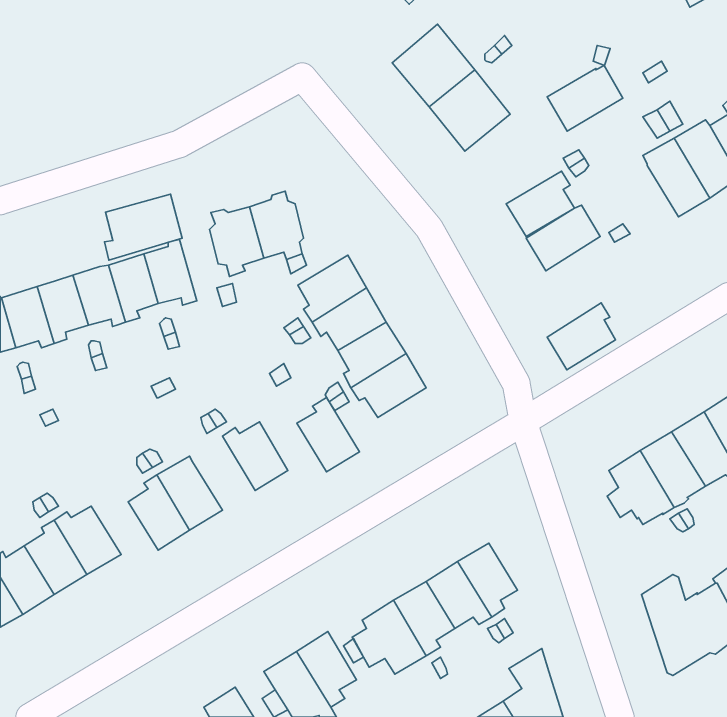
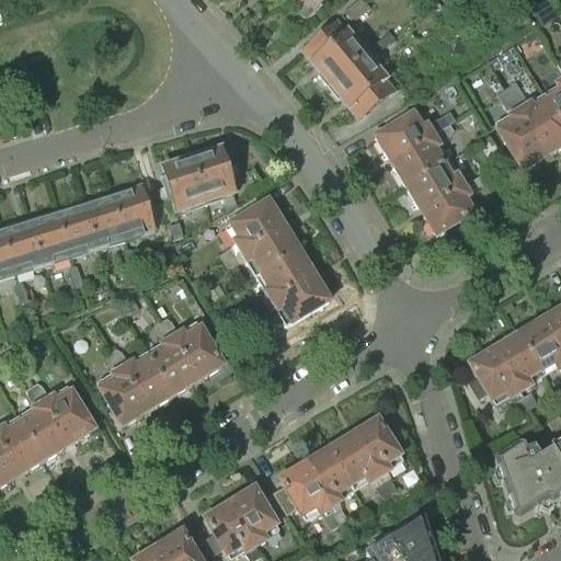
building: [547,66,623,131] -> [375,106,433,157]
building: [104,194,182,260] -> none
building: [547,303,615,370] -> [421,182,473,233]
building: [297,398,359,472] -> [149,335,197,392]

